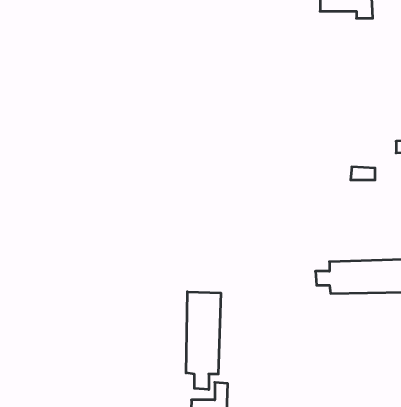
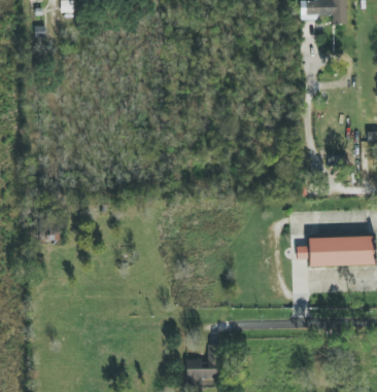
building: [186,292,221,390] -> none

